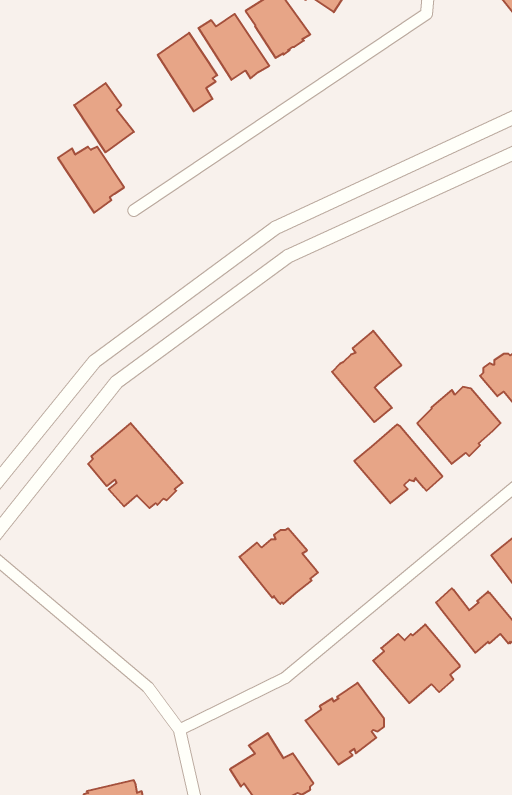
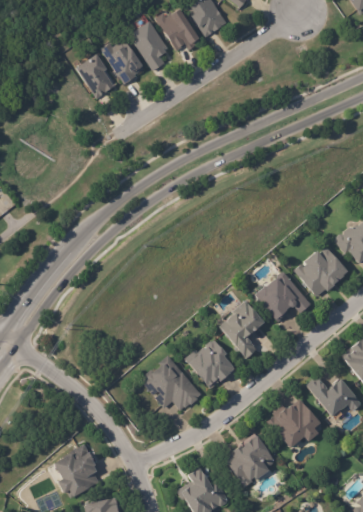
building: [58,147,124,213] -> [102,43,144,85]
building: [332,331,401,422] -> [219,298,263,356]
building: [88,423,183,508] -> [140,353,200,407]
building: none -> [54,444,100,499]

